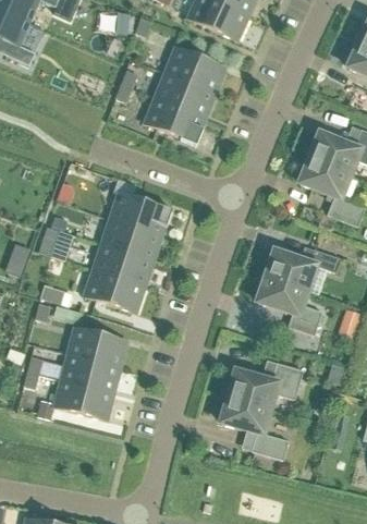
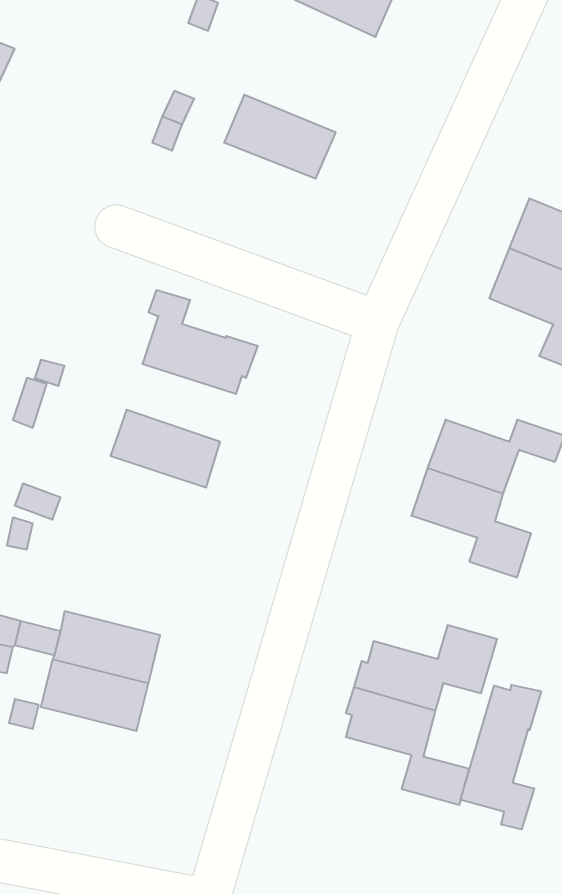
building: [164,47,224,93] -> none
building: [144,98,204,145] -> none
building: [100,219,160,261] -> none
building: [84,269,144,313] -> none
building: [66,327,126,367] -> none
building: none -> [461,685,541,829]

